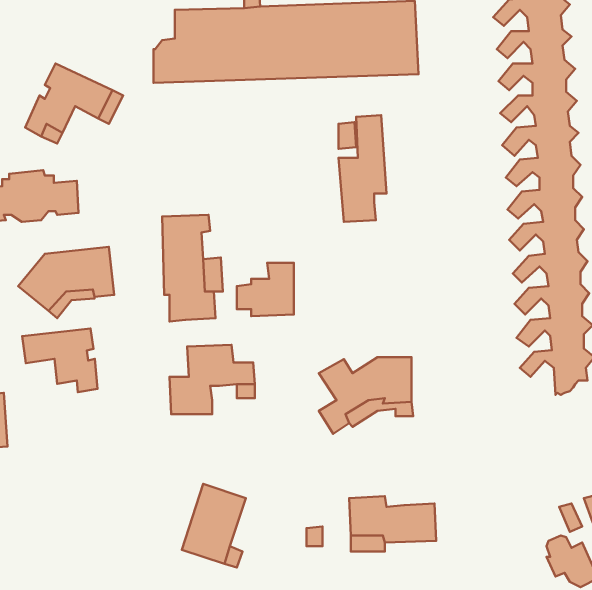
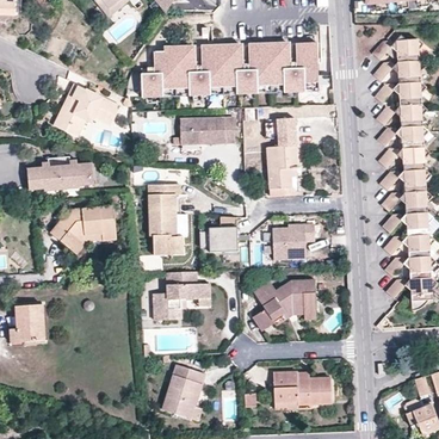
building: none -> [178,117,233,143]
building: none -> [272,224,314,260]
building: [22,329,97,392] -> none

